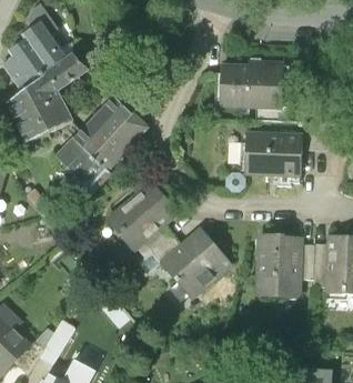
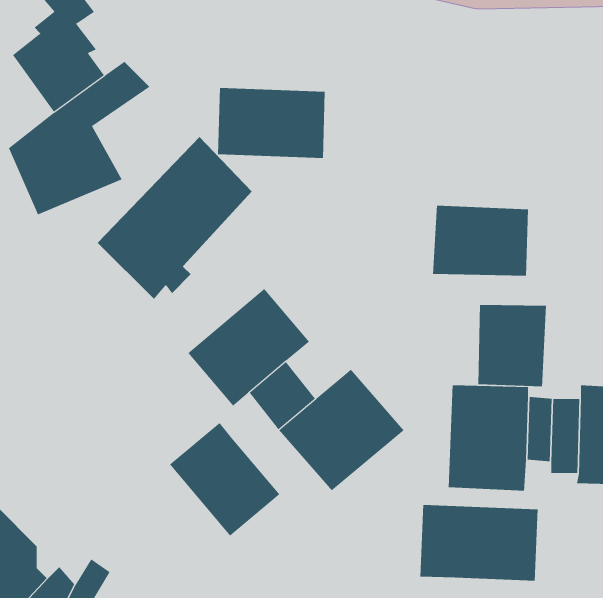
building: [222,65,283,105] -> [217,88,326,159]
building: none -> [478,304,546,387]
building: none -> [169,422,280,536]
building: none -> [420,504,538,582]

